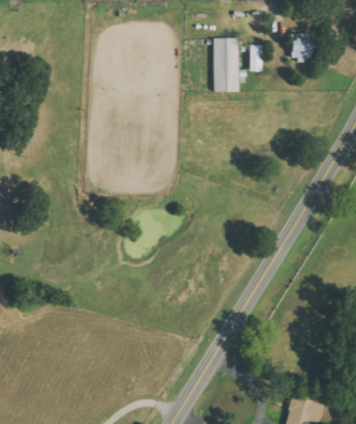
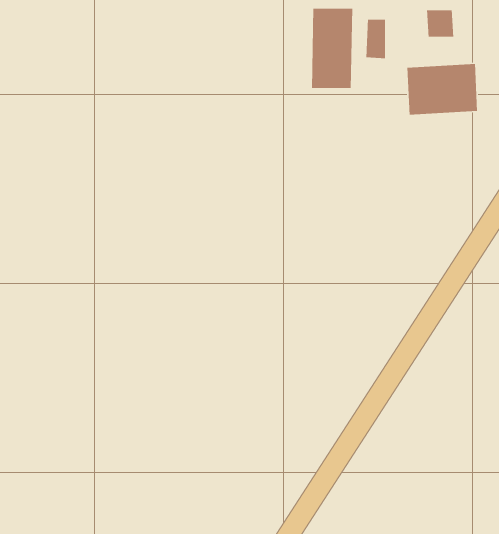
building: none -> [407,63,478,115]

